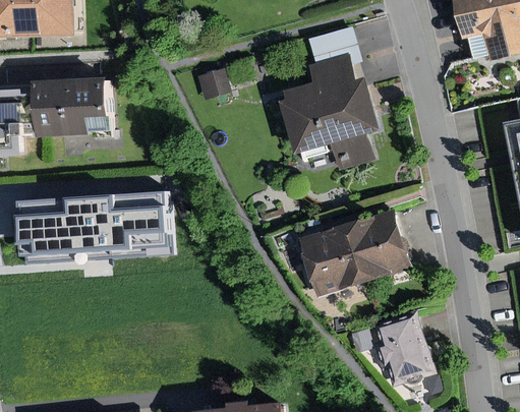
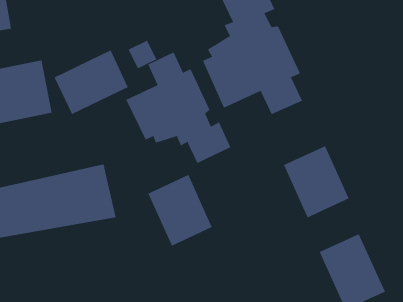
building: none -> [54,49,129,115]
building: none -> [126,51,231,164]
building: [299,223,363,297] -> [147,174,213,246]

